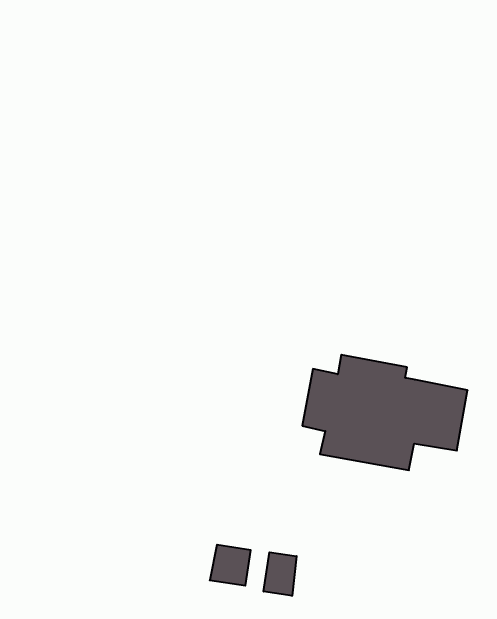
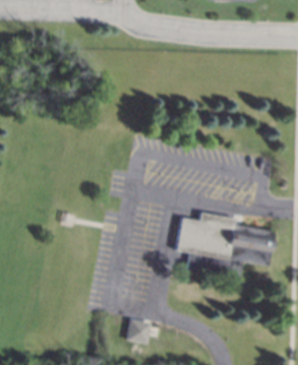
building: [264,552,297,596] -> none

